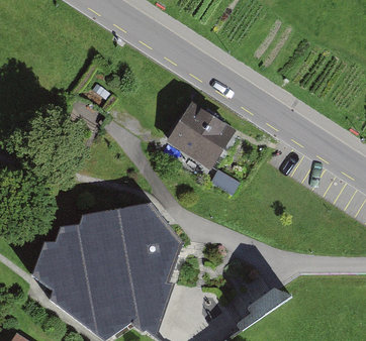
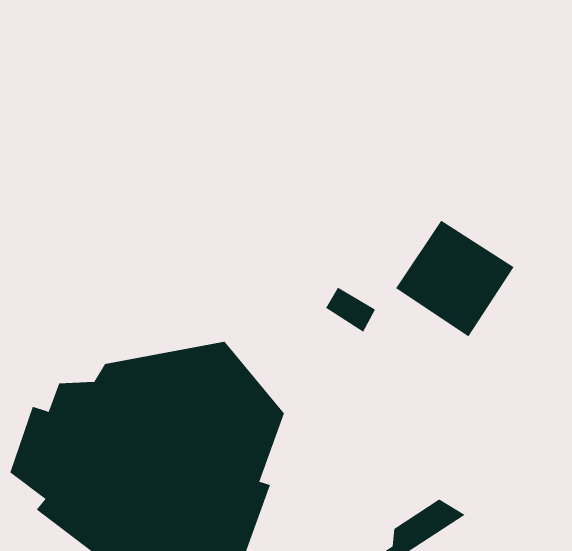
building: [166,101,235,168] -> [395,220,514,337]

